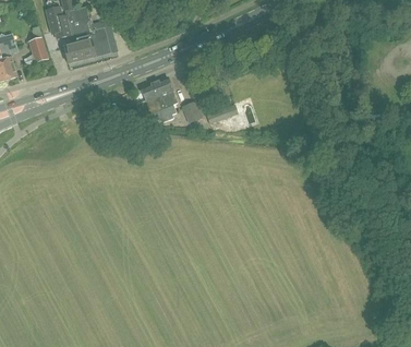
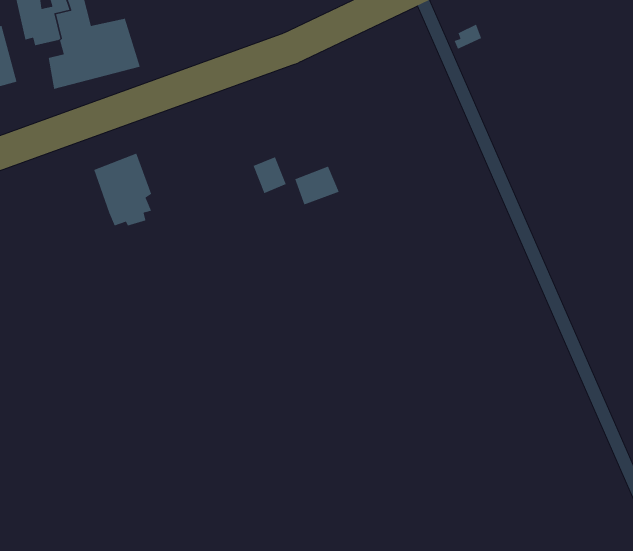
building: [142,77,176,120] -> [93,152,152,226]

